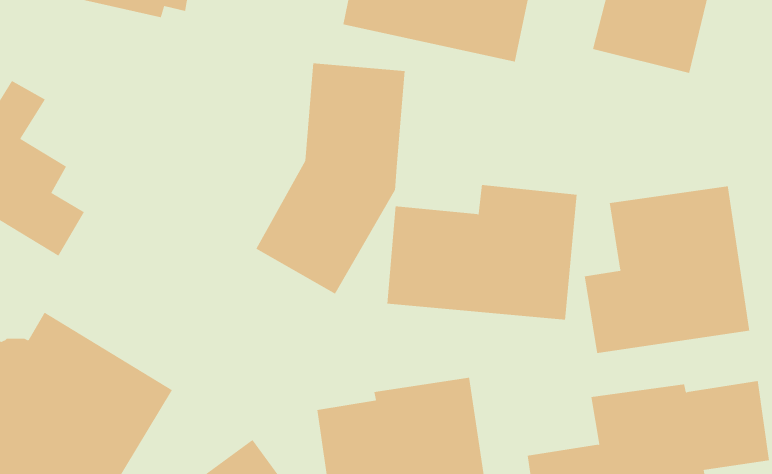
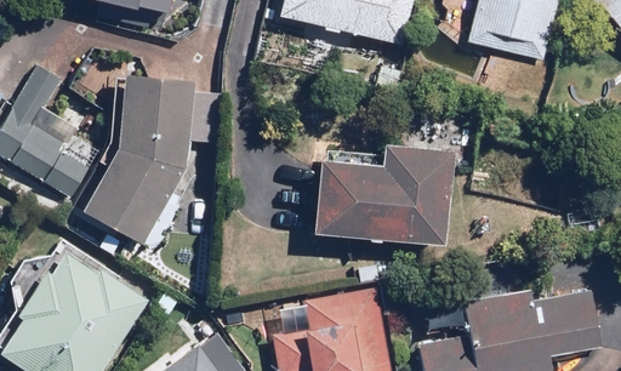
building: [256,63,406,295] -> [84,73,195,245]
building: [584,186,750,354] -> none

